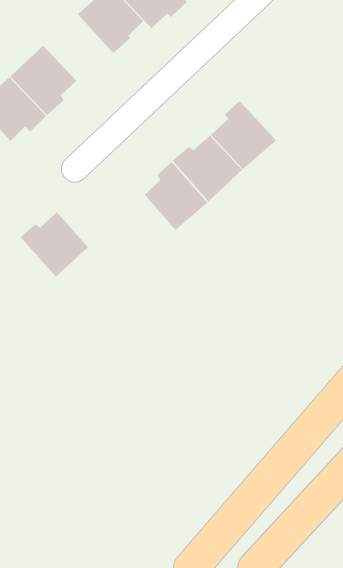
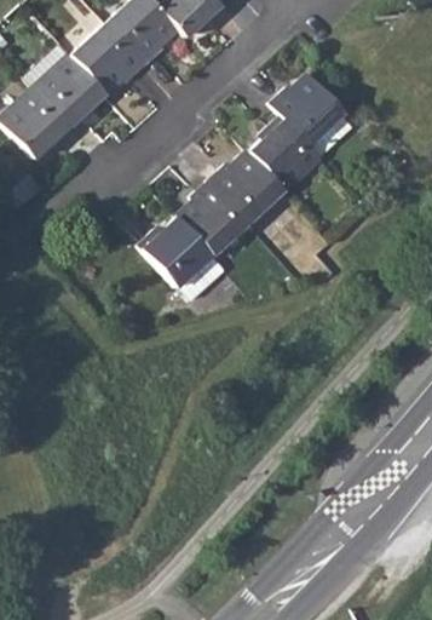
building: none -> [70,21,145,92]
building: none -> [270,71,356,156]
building: [20,211,89,278] -> [138,214,212,286]

